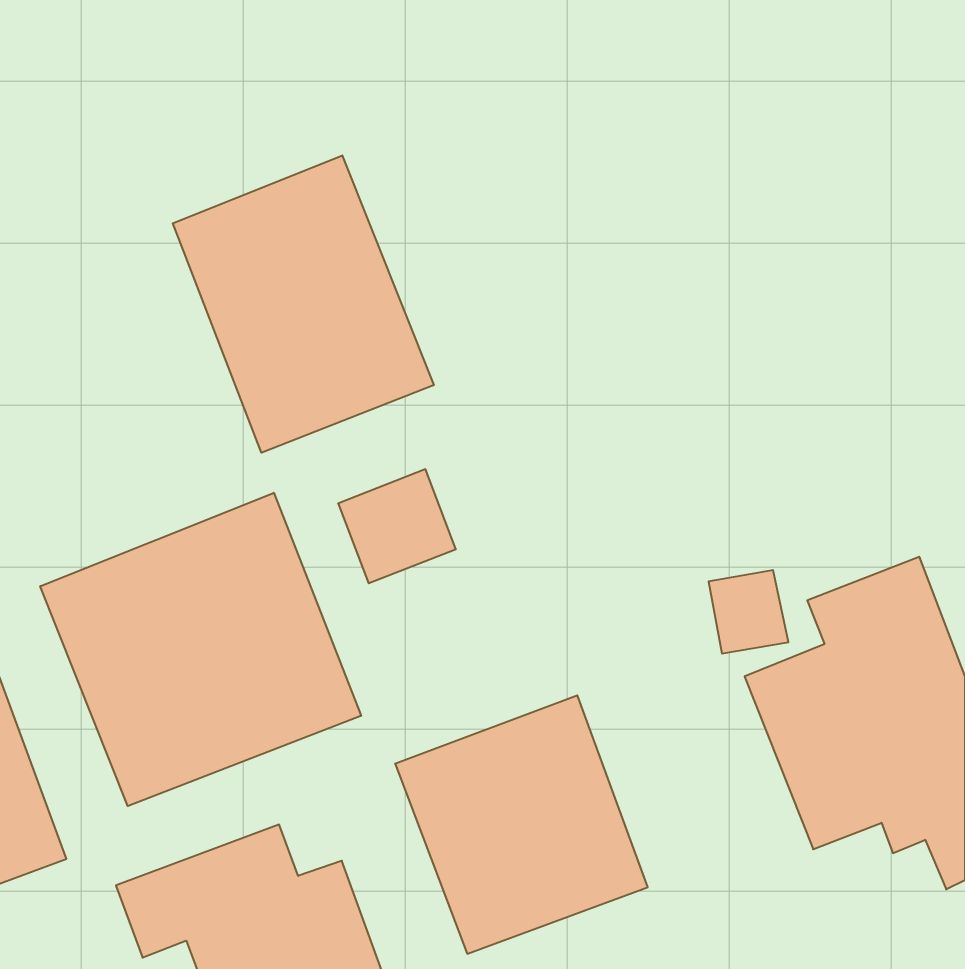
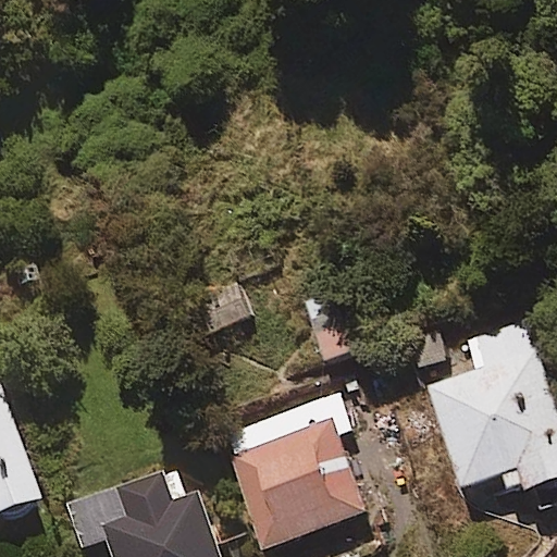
building: [173,155,434,453] -> none
building: [40,493,361,806] -> none

